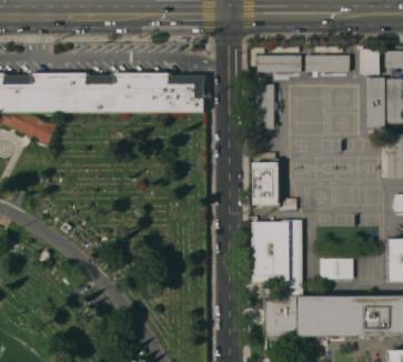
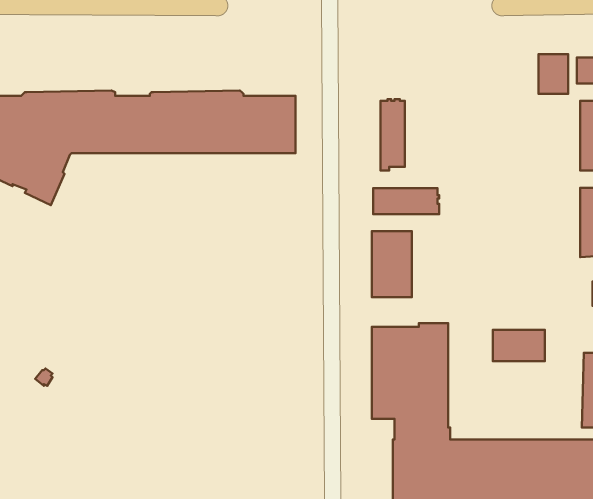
building: [306,53,349,70] -> none
building: [258,54,300,71] -> [373,188,439,214]
building: [366,77,384,130] -> none
building: [319,259,352,279] -> [493,330,545,361]

